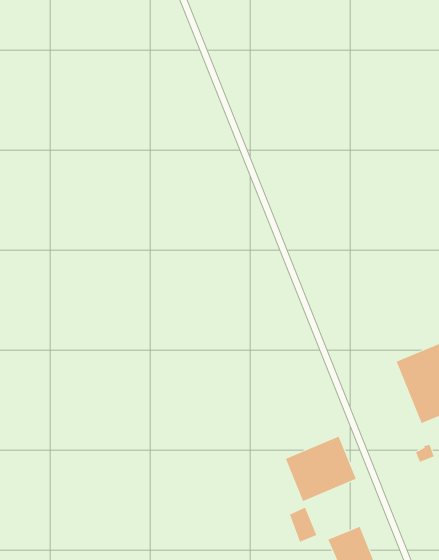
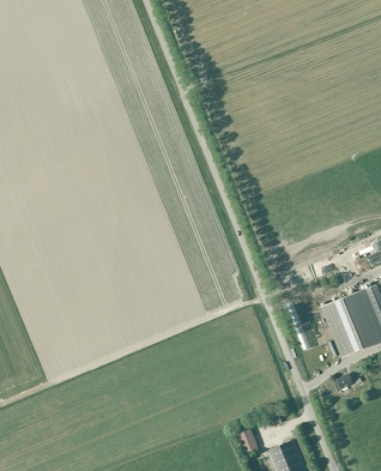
building: [285,436,357,502] -> none

